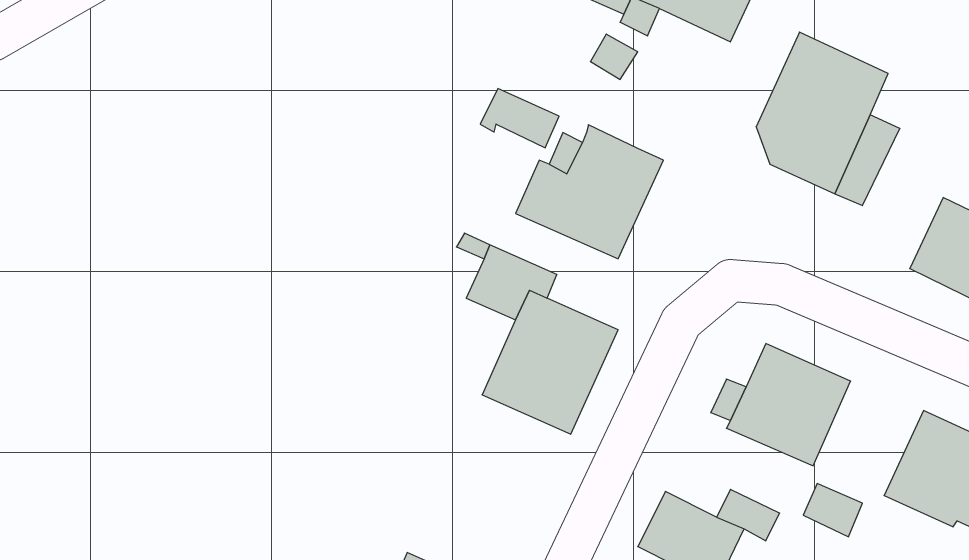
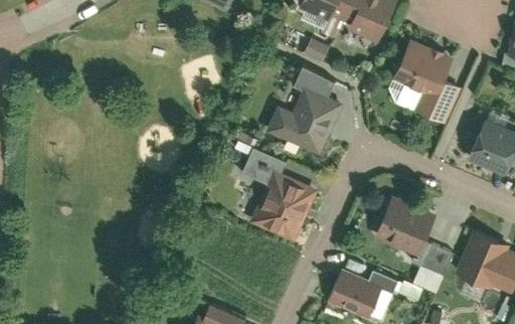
building: [480,89,559,148] -> [295,66,335,97]
building: none -> [419,246,453,278]

